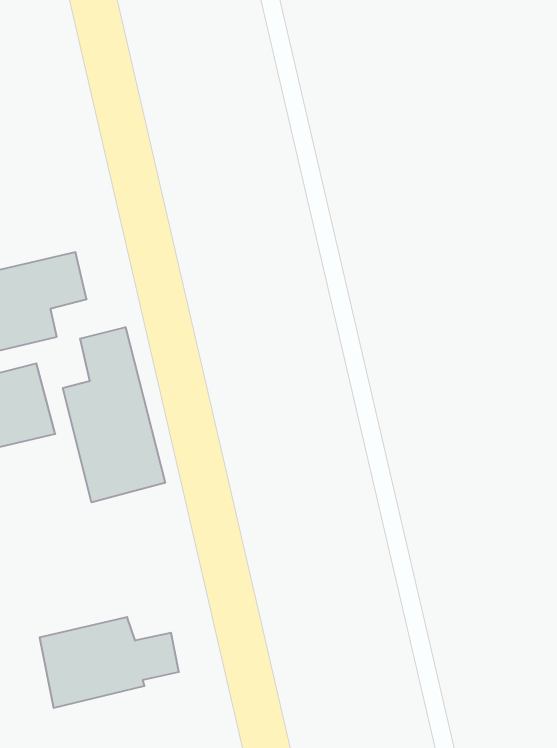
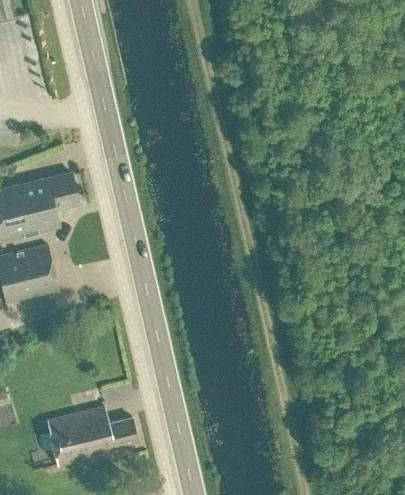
building: [63,327,165,502] -> none

